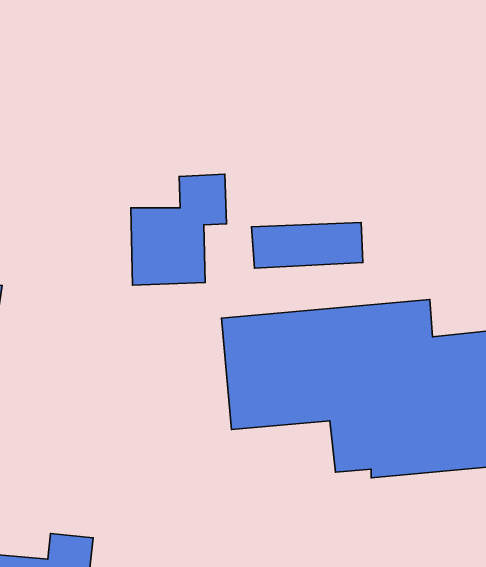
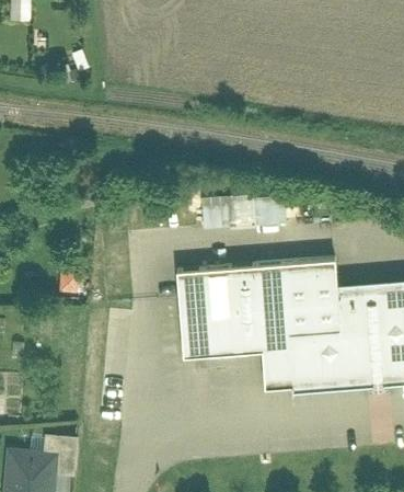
building: [131,174,227,285] -> none

